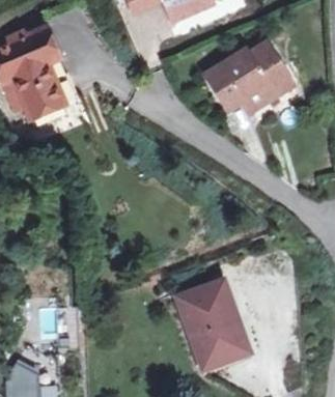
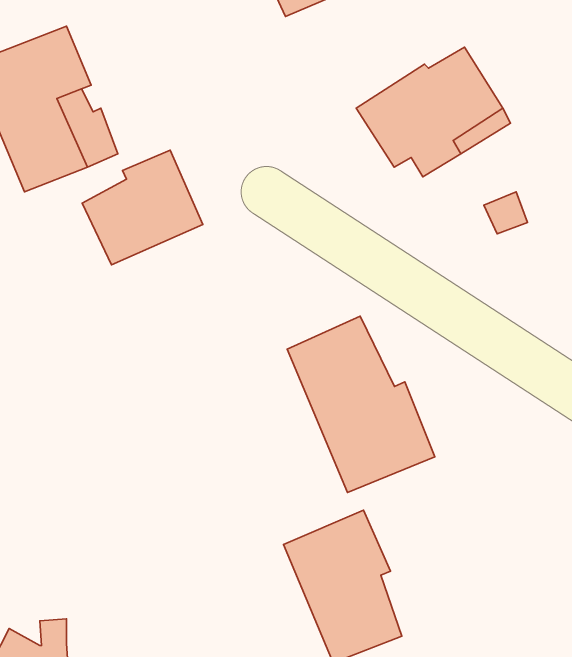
building: none -> [82,150,203,265]
building: none -> [287,316,435,493]

